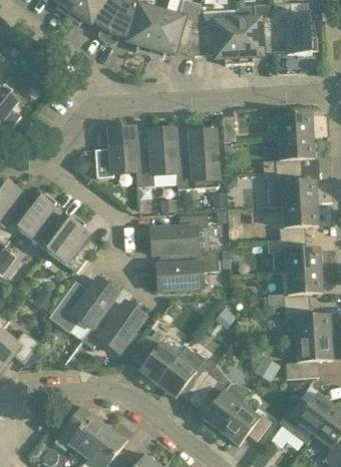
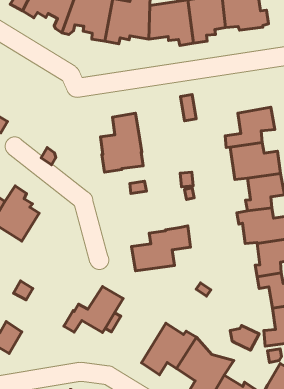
building: [277,113,313,138] -> none
building: [95,127,137,177] -> none
building: [177,130,219,188] -> none
building: [47,213,97,273] -> none
building: [152,214,210,254] -> none
building: [49,278,118,339] -> none
building: [130,329,187,384] -> none

